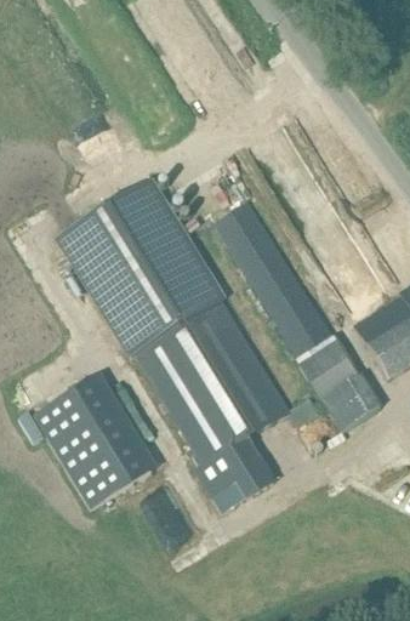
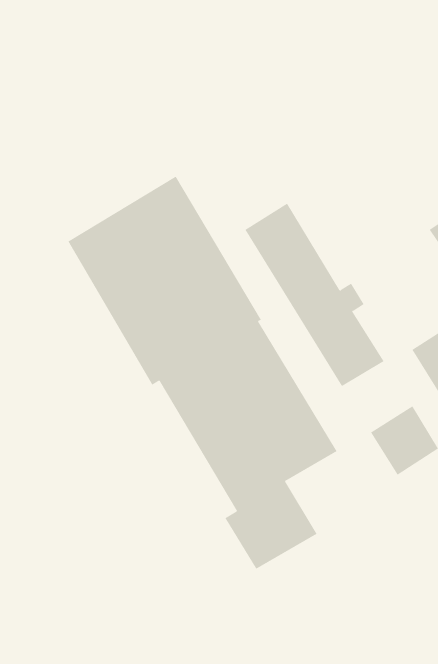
building: [294,335,354,395] -> none
building: [32,374,155,508] -> none

